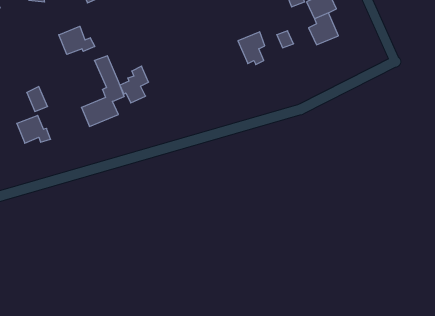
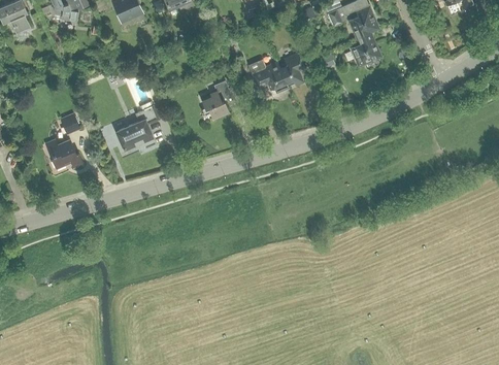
building: [59,26,95,54] -> none
building: none -> [246,60,289,93]
building: [120,66,149,103] -> [202,80,232,119]

